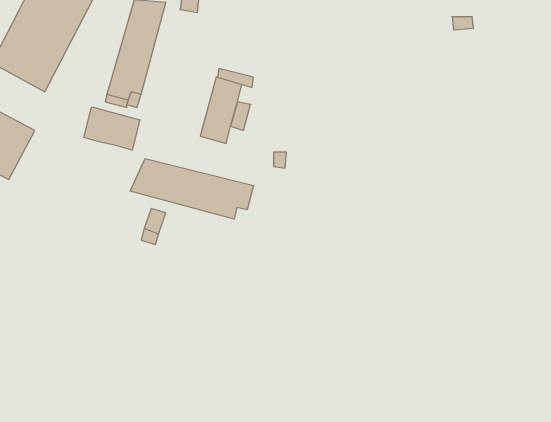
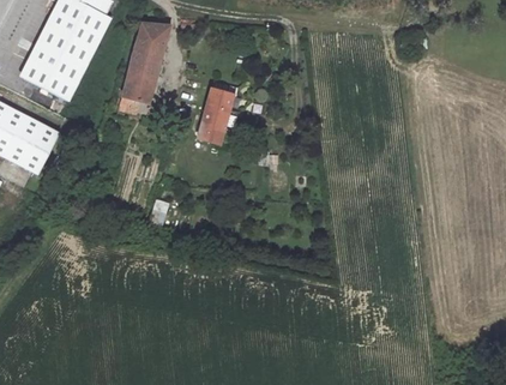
building: [84,107,140,150] -> none
building: [130,159,254,219] -> none

